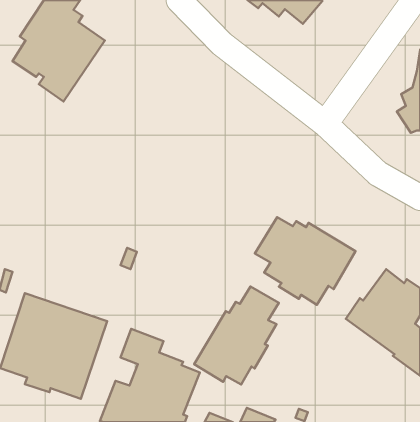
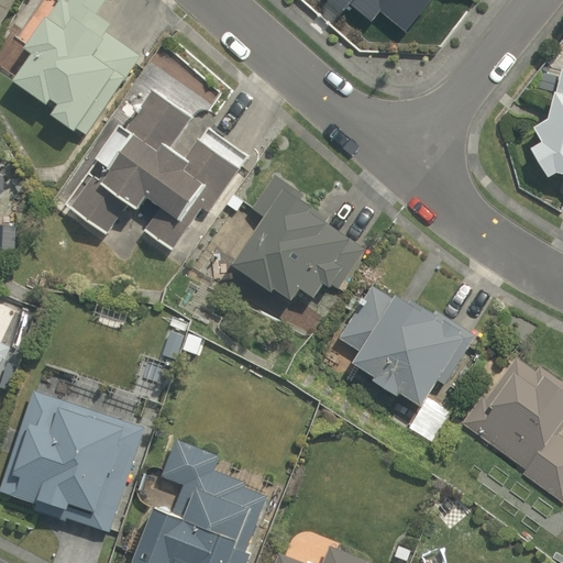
building: none -> [70,91,246,250]
building: none -> [231,174,365,301]
building: [194,286,279,385] -> none

